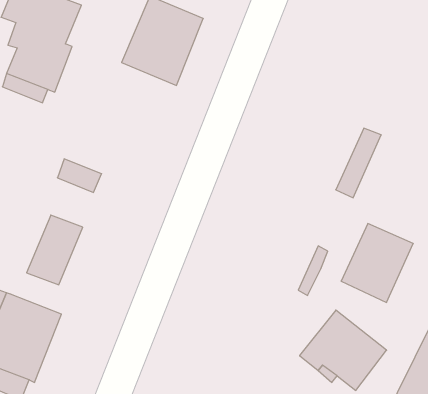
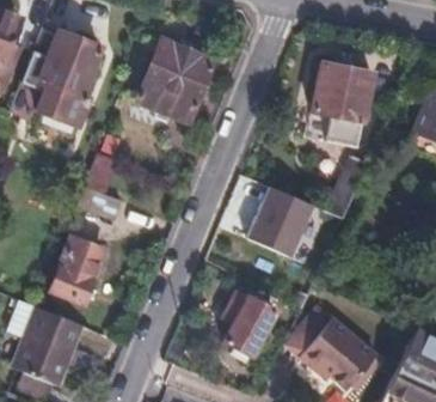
building: none -> [315,65,373,146]
building: [341,224,413,302] -> [252,187,317,257]
building: none -> [226,293,276,355]

